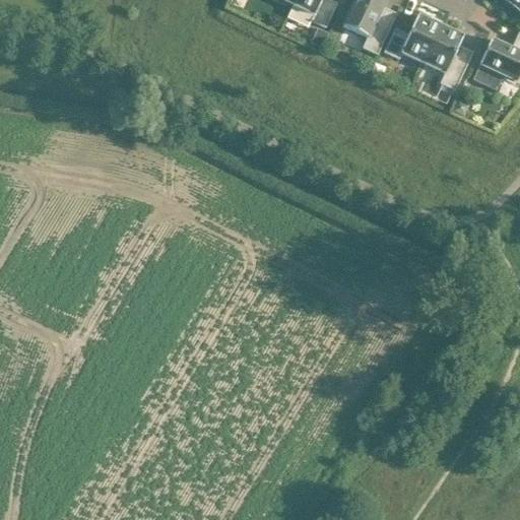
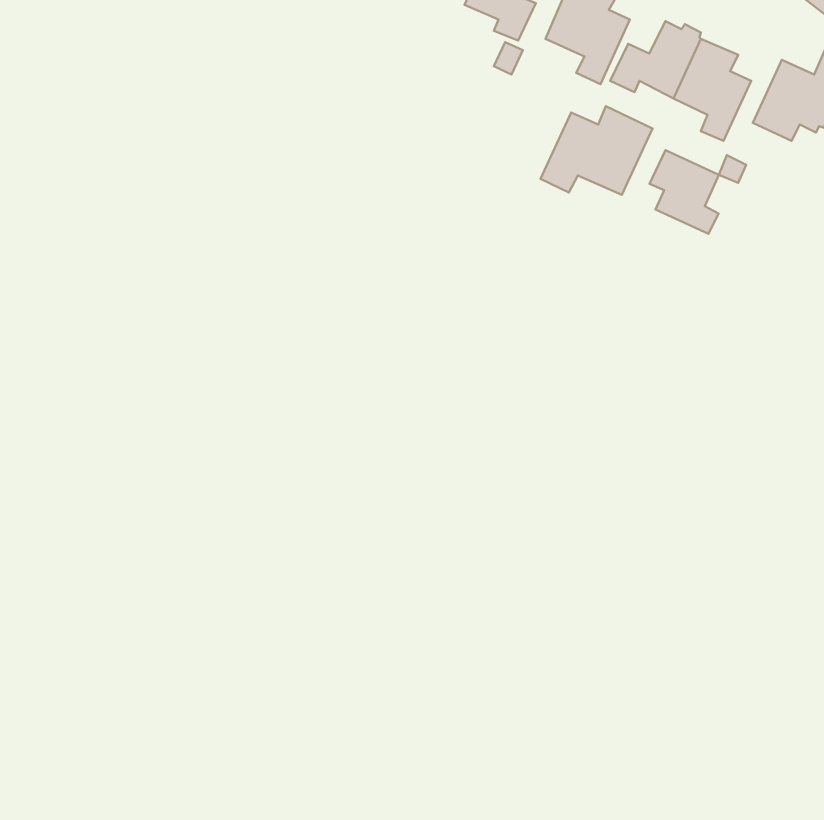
building: none -> [541,106,652,195]
building: none -> [649,150,719,234]

